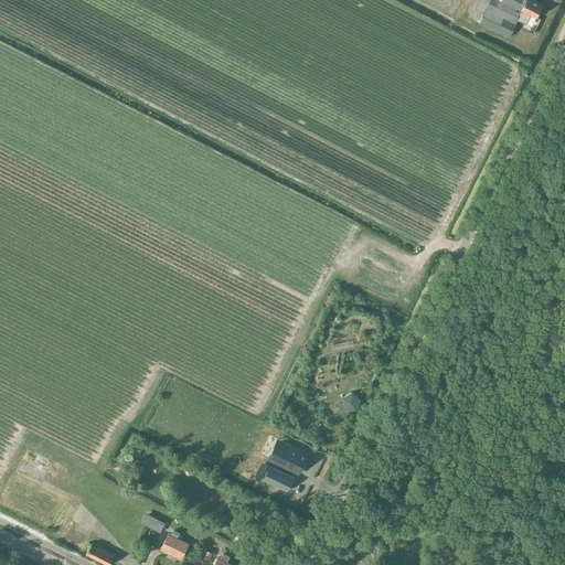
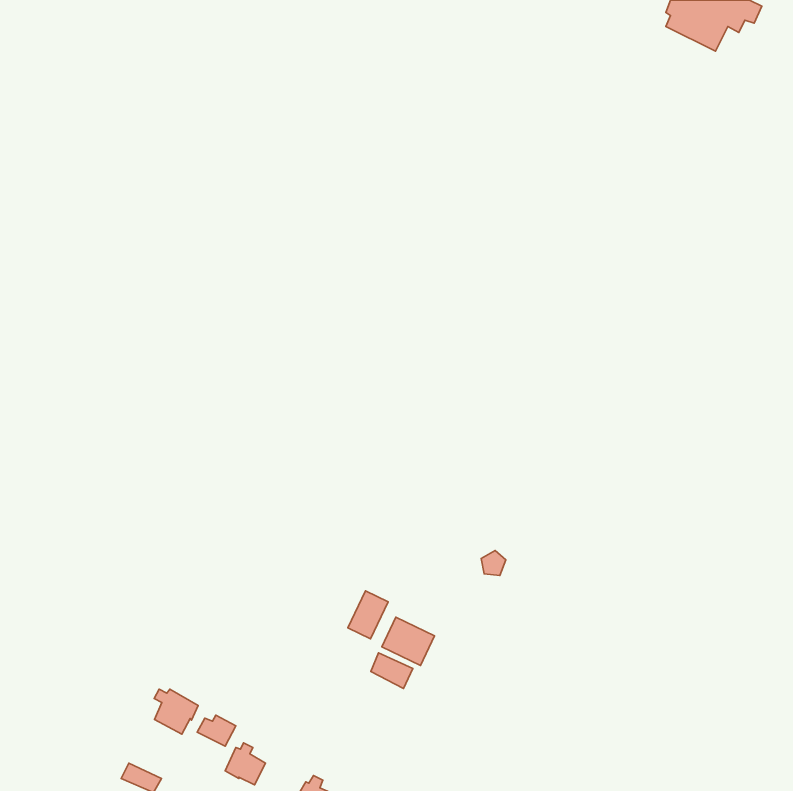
building: none -> [348,591,388,639]
building: none -> [154,689,198,734]

